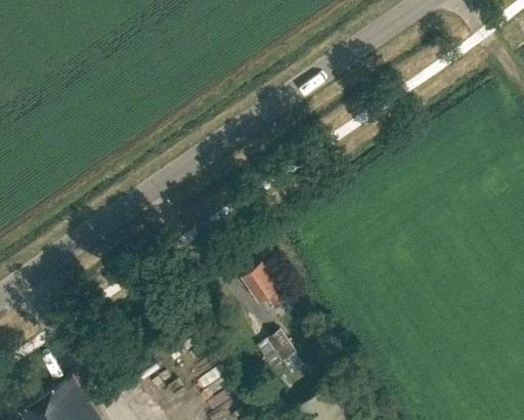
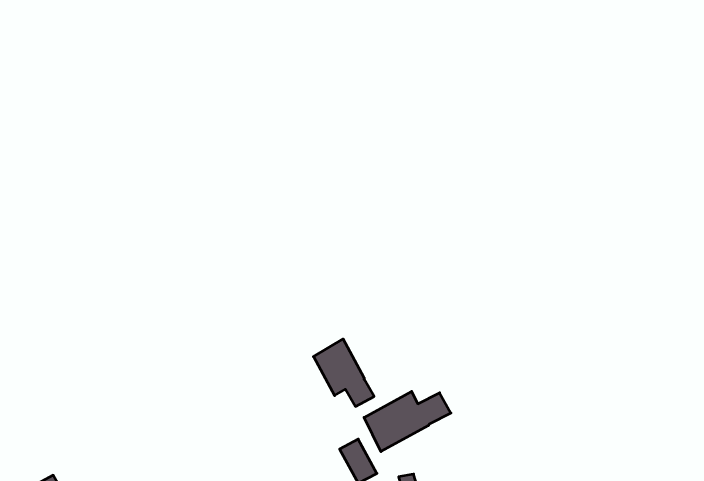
building: none -> [364,391,451,452]

